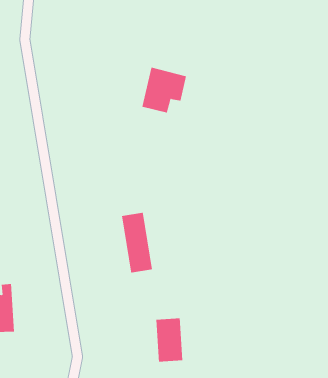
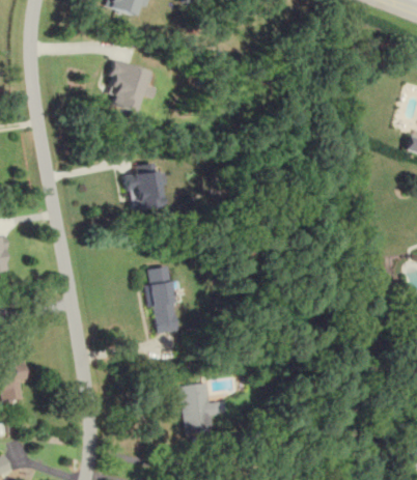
building: [141,67,187,113] -> [108,61,159,113]
building: none -> [135,171,163,208]

